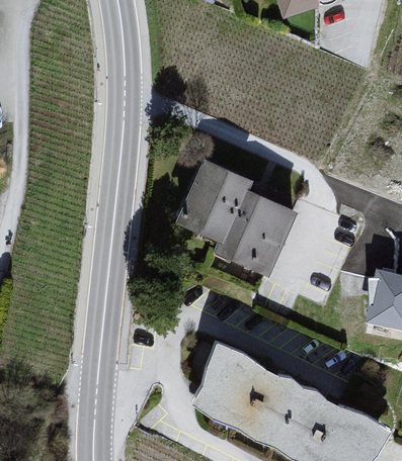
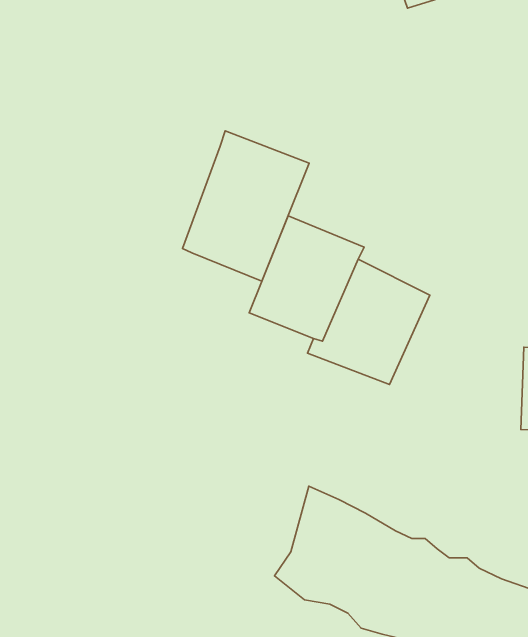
building: none -> [183,131,309,281]

